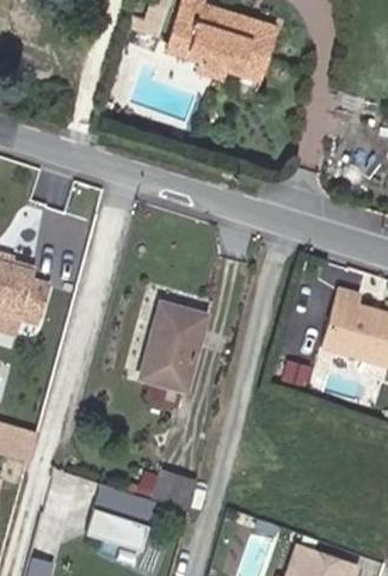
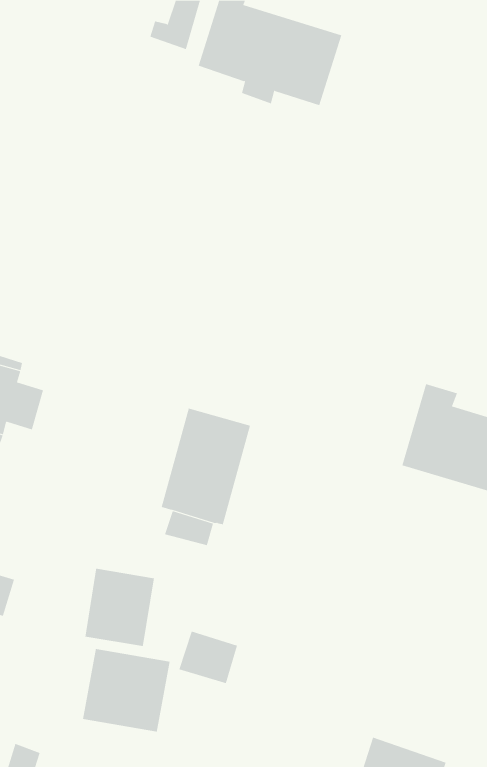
building: none -> [85,568,154,647]

